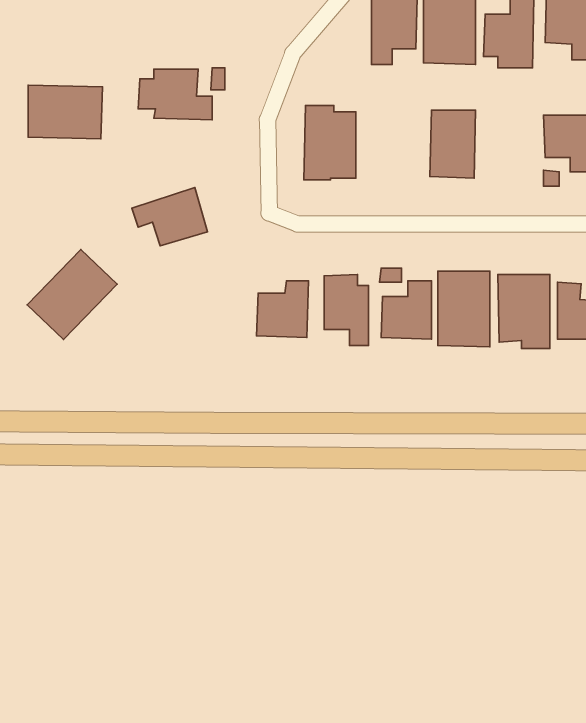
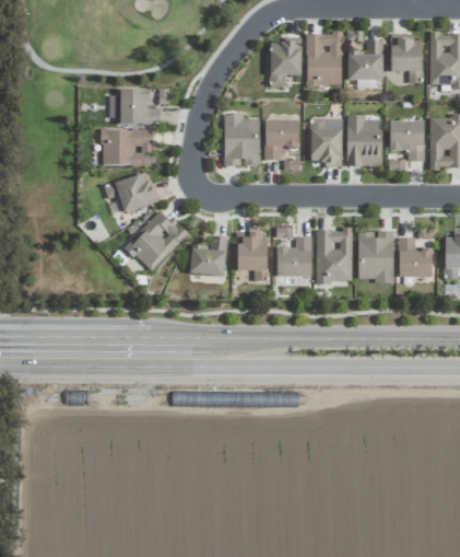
building: [28,85,102,139] -> [102,129,153,166]
building: none -> [346,117,382,166]
building: none -> [264,120,298,161]
building: [27,250,117,339] -> [123,209,186,271]

